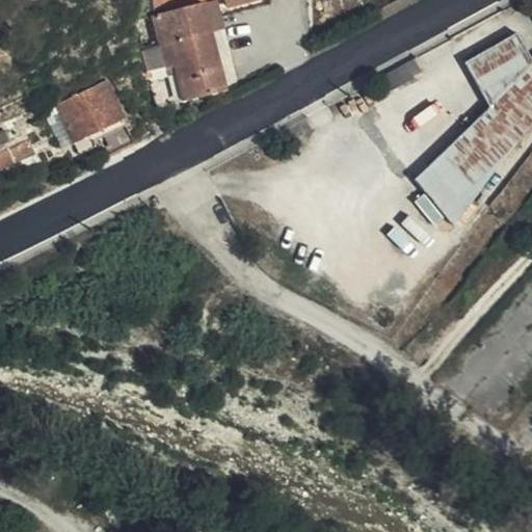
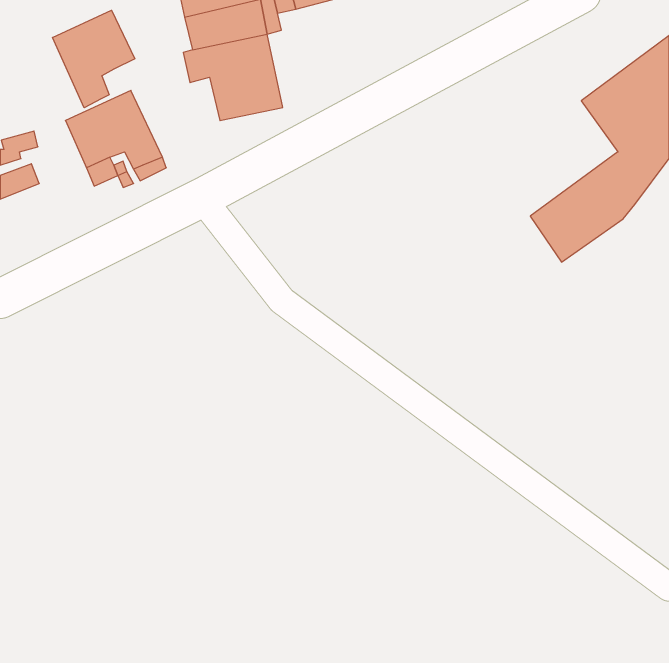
building: none -> [53,10,135,108]

